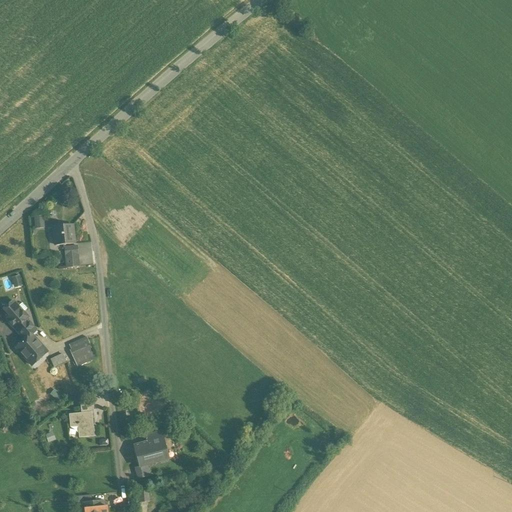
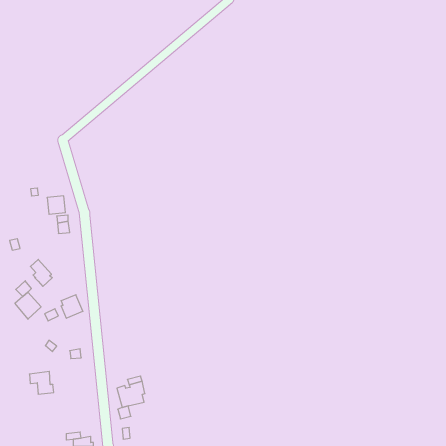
building: [4,300,29,331] -> [30,259,52,286]
building: [69,411,97,437] -> [29,371,54,394]

